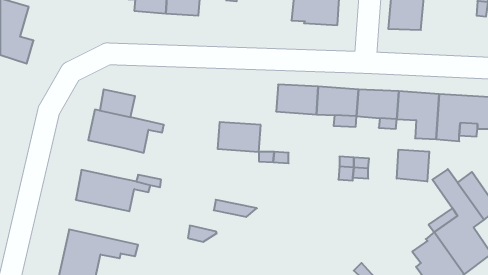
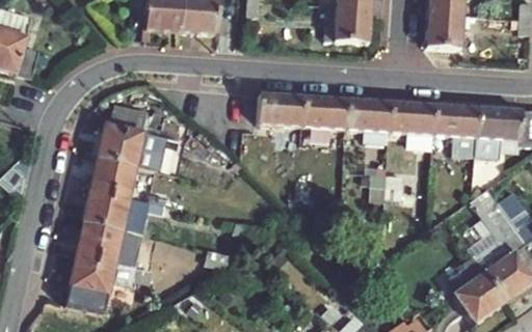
building: [218,122,261,152] -> [257,98,303,130]
building: none -> [90,161,136,201]
building: [397,150,429,182] -> none
building: none -> [77,225,154,274]

